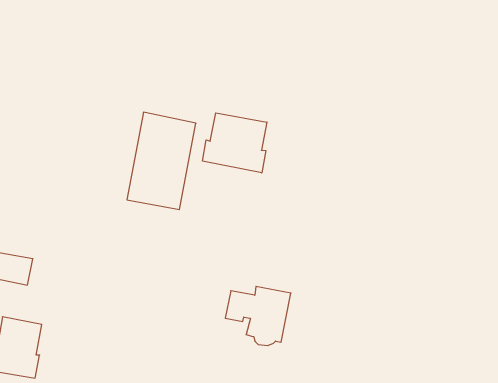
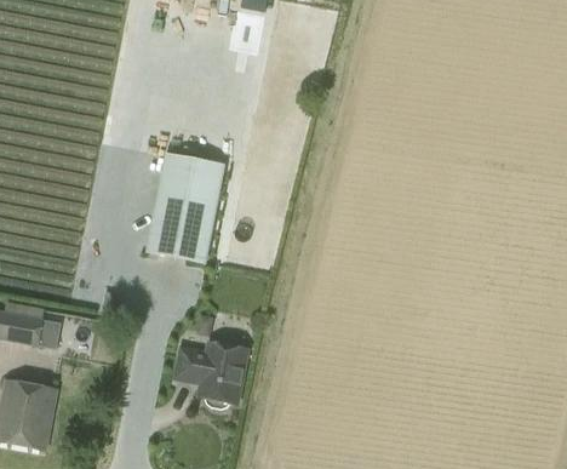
building: [203,113,267,173] -> none
building: [225,286,291,346] -> [176,343,248,408]

